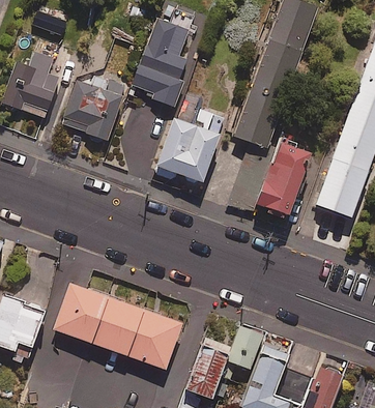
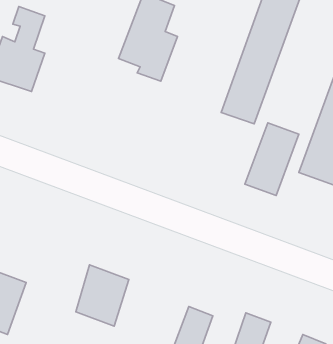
building: [64,82,125,144] -> none
building: [154,109,228,192] -> none
building: [54,283,106,342] -> none
building: [131,310,181,369] -> none
building: [228,323,262,368] -> none

